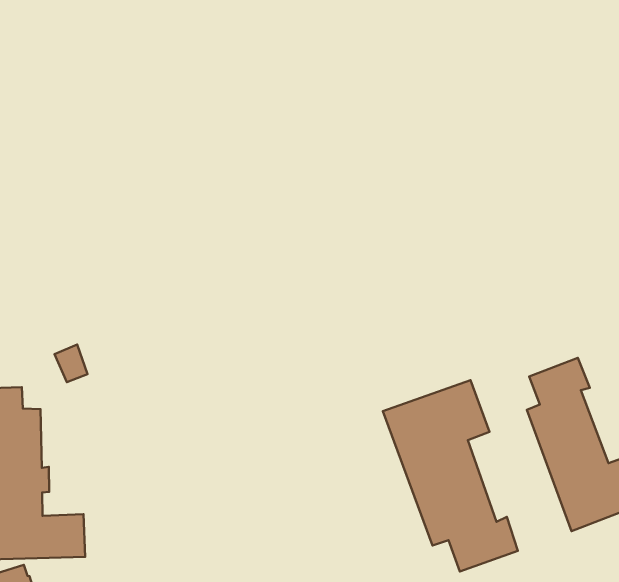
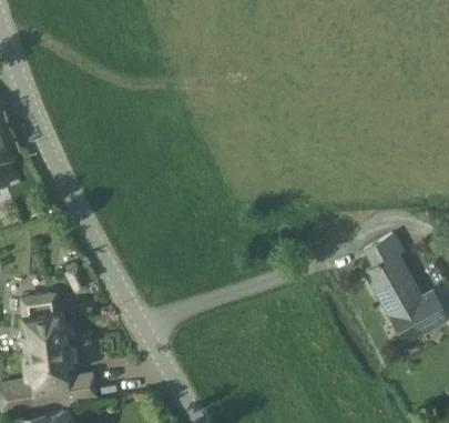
building: [383,380,518,572] -> none

